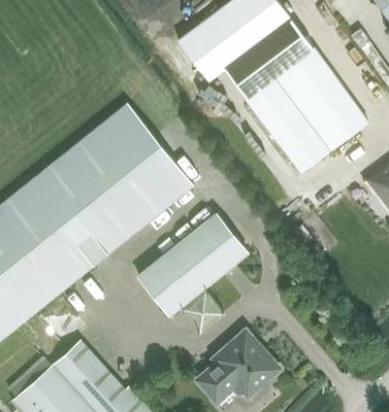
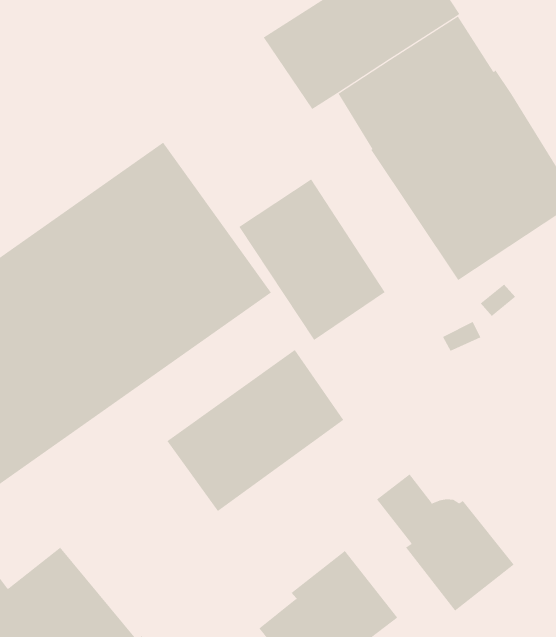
building: none -> [238,179,385,341]
building: none -> [376,473,515,611]

